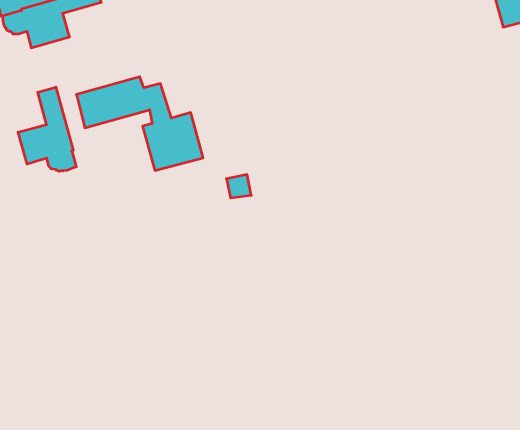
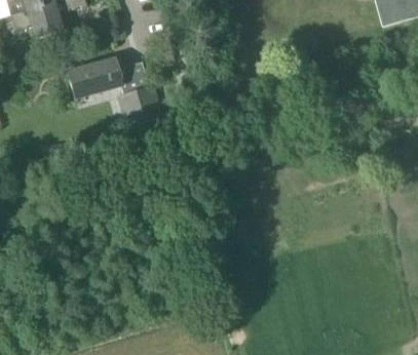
building: [18,87,76,171] -> none

